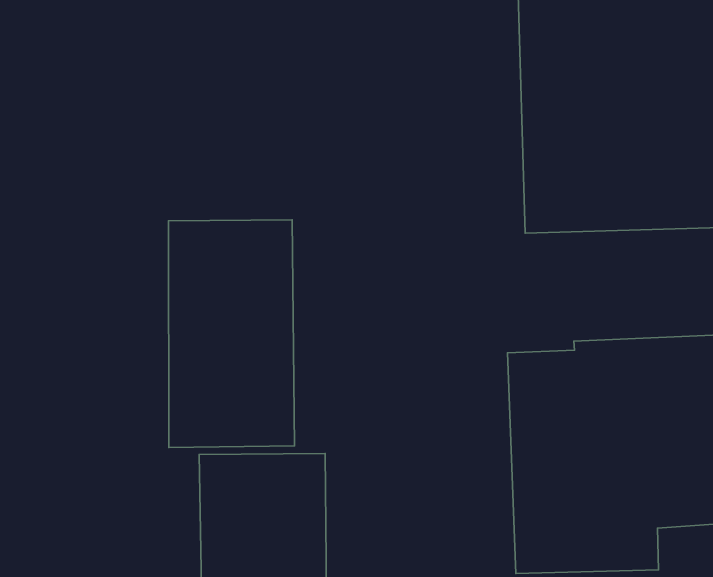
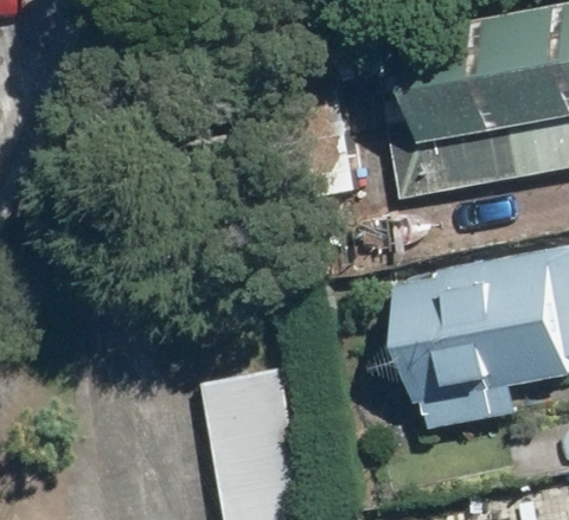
building: [168,220,294,447] -> none

